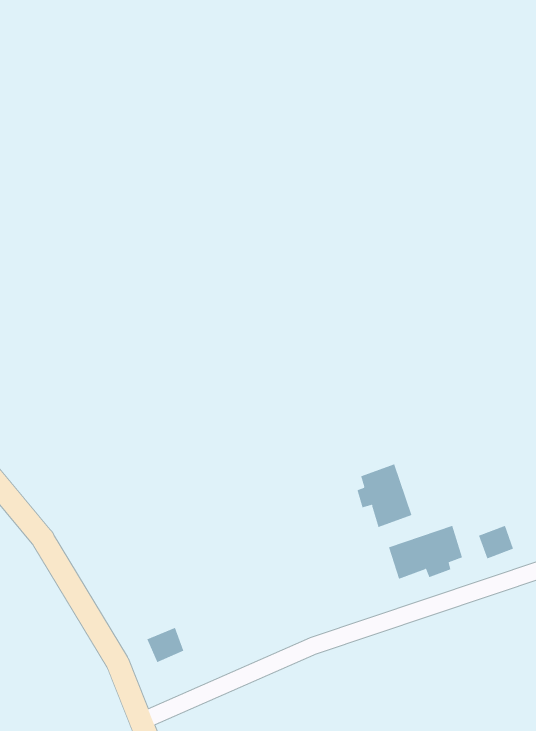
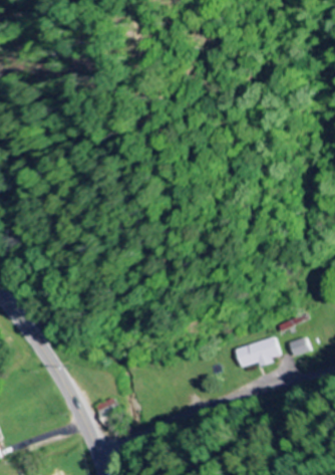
building: [357,464,412,528] -> none

